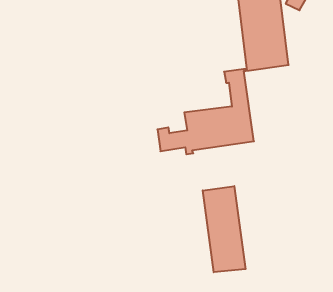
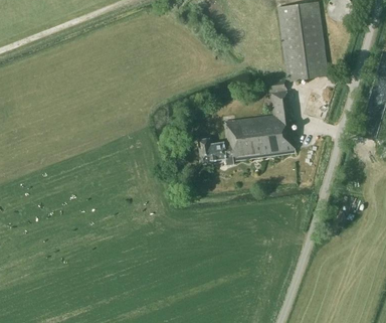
building: [203,186,246,272] -> none

